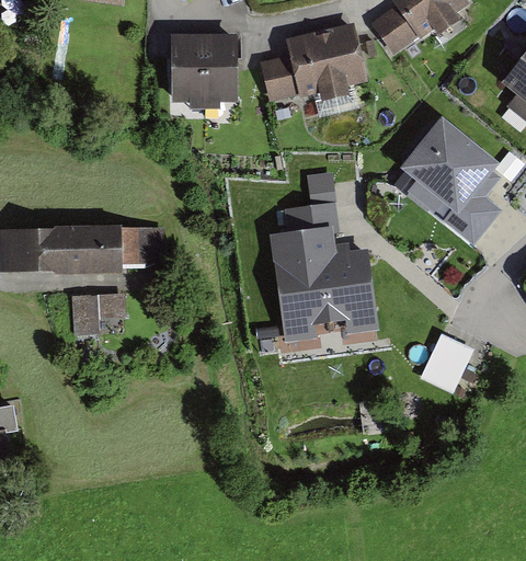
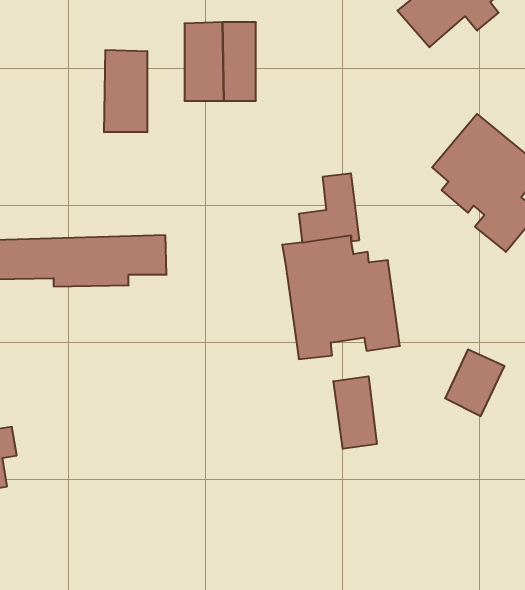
building: [264,24,364,99] -> none
building: none -> [104,50,147,132]
building: [69,288,123,332] -> none
building: none -> [333,376,377,449]

